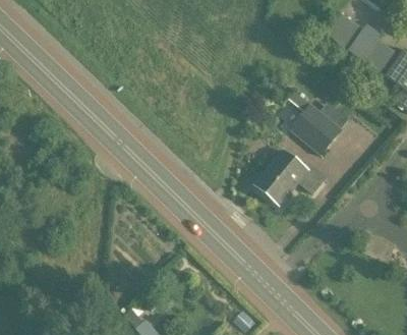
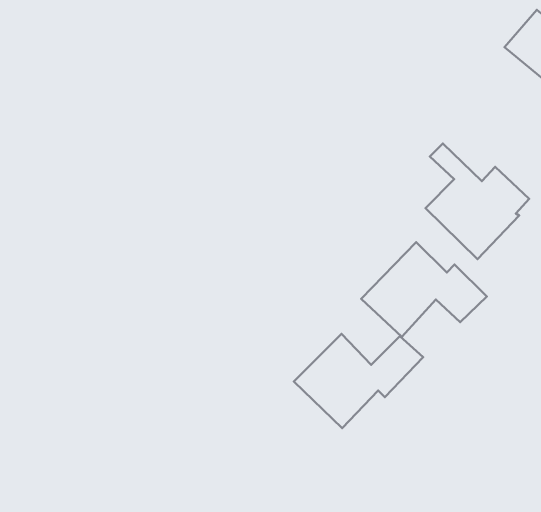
building: none -> [294,334,423,428]

